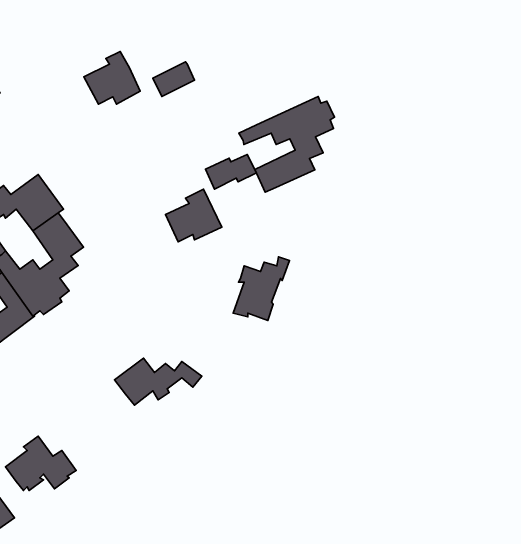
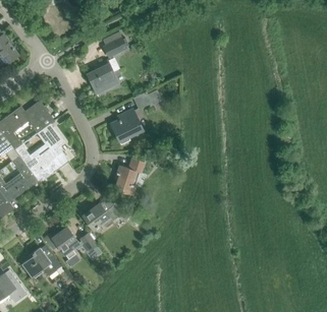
building: [84,51,140,104] -> [87,60,118,89]
building: [239,96,335,192] -> none
building: [233,257,290,320] -> [113,160,145,195]
building: none -> [46,227,103,260]

